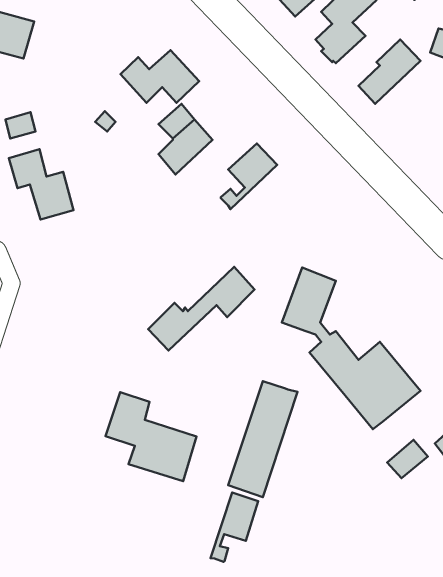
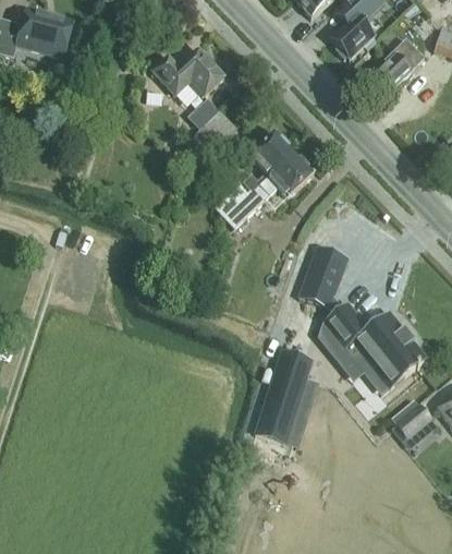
building: [9,149,74,220] -> none
building: [148,267,255,351] -> [217,152,314,228]
building: [106,392,197,481] -> none
building: [211,493,258,562] -> none

